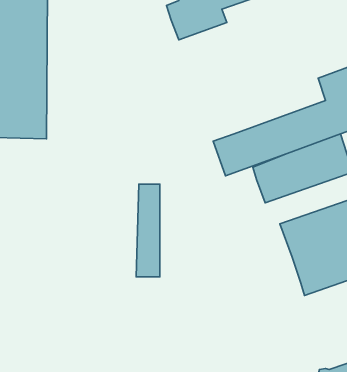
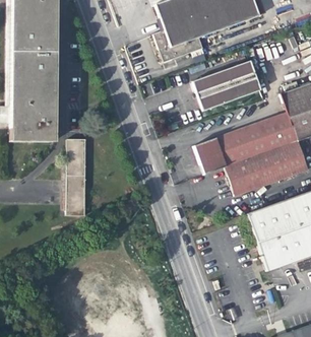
building: none -> [192,59,258,109]
building: [136,184,160,277] -> [65,139,84,215]

